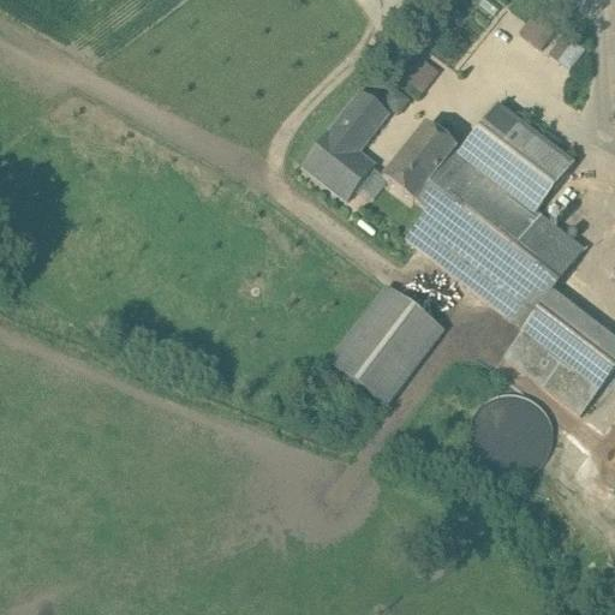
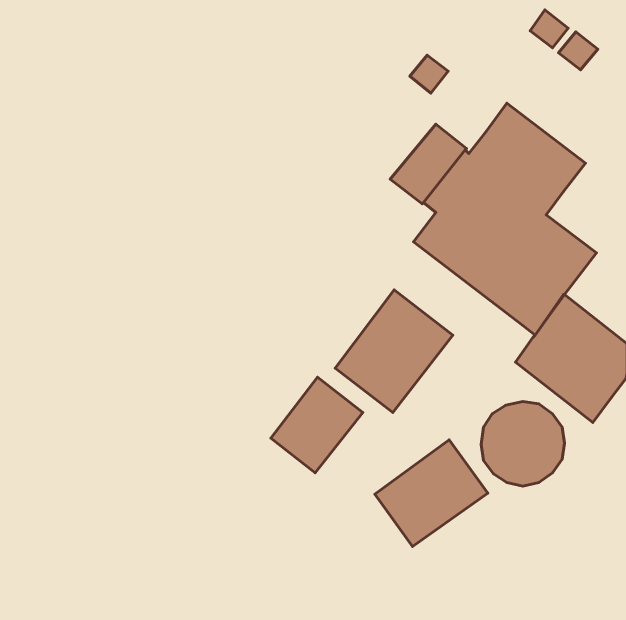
building: [304,90,388,198] -> none
building: none -> [271,377,363,473]
building: none -> [375,440,488,547]

